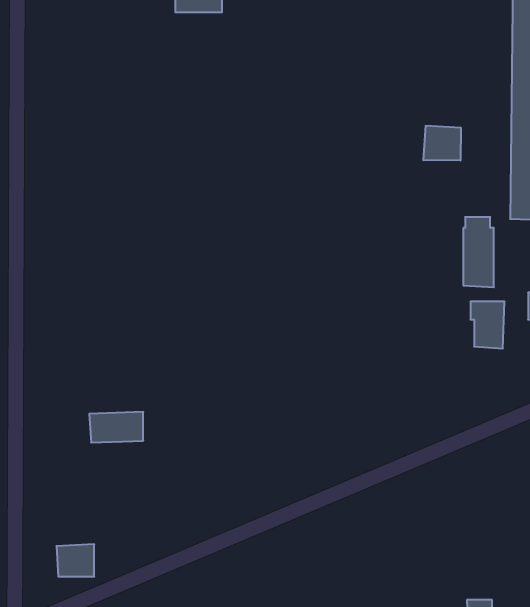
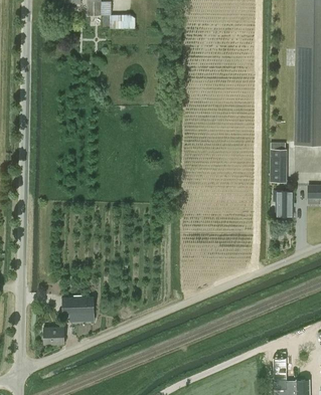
building: [423,126,461,161] -> none
building: [89,412,143,443] -> [62,297,93,314]

